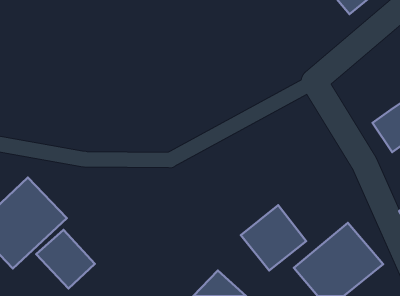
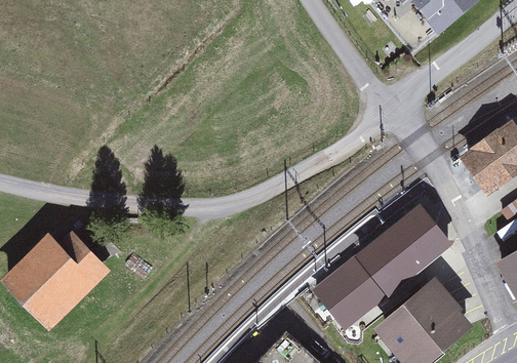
building: none -> [354,203,452,297]
building: [36,230,95,289] -> none

